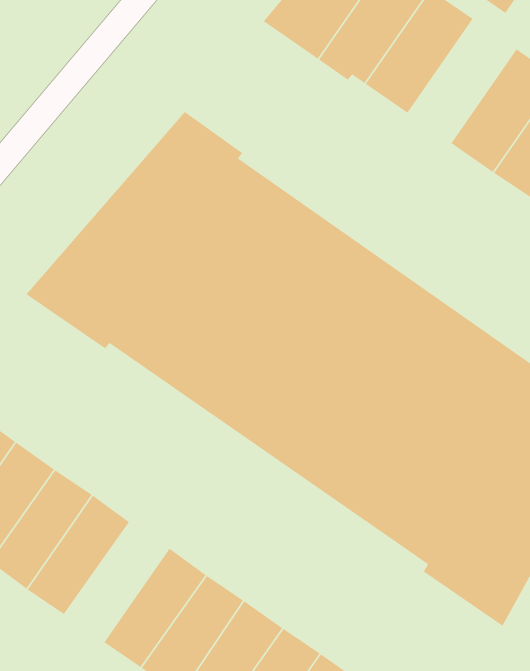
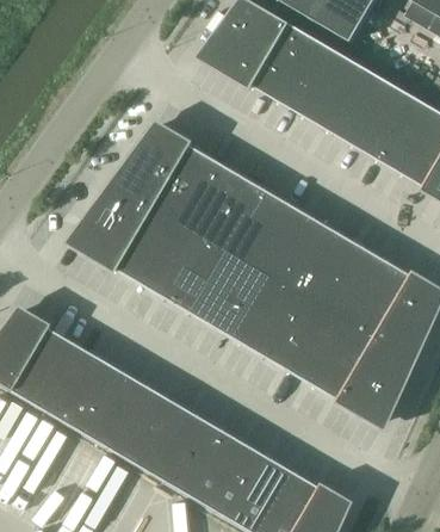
building: none -> [297,48,362,128]
building: none -> [104,384,167,462]

